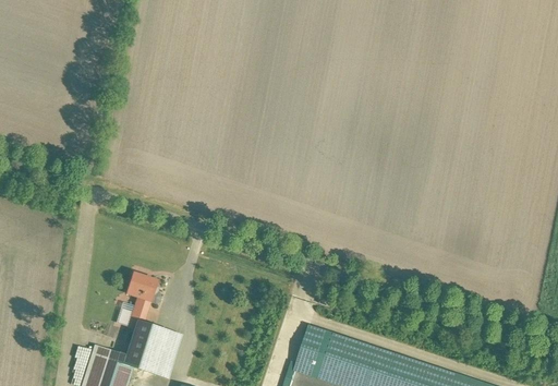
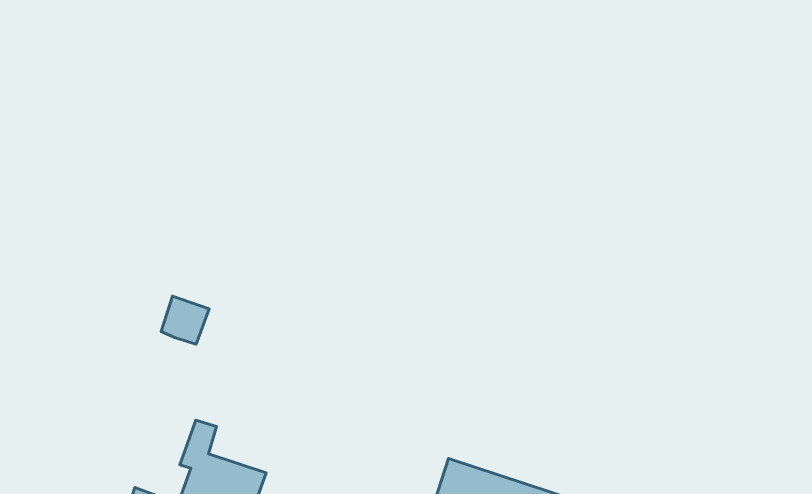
building: [126,270,159,303] -> [161,296,209,344]

